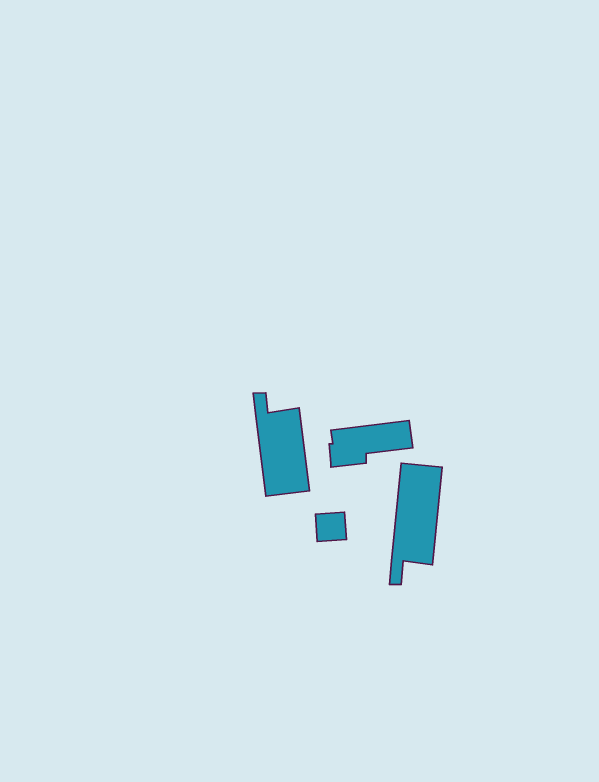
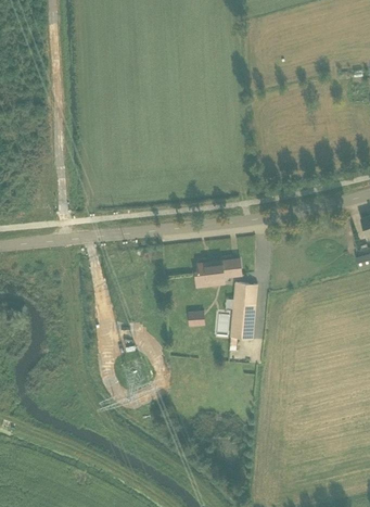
building: [253,393,310,496] -> none

